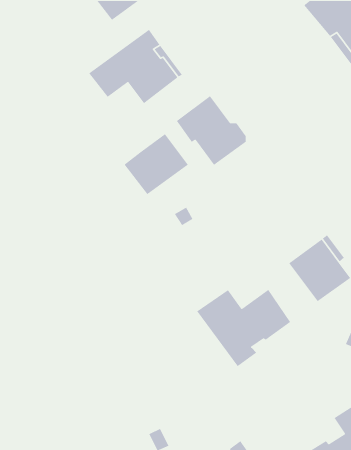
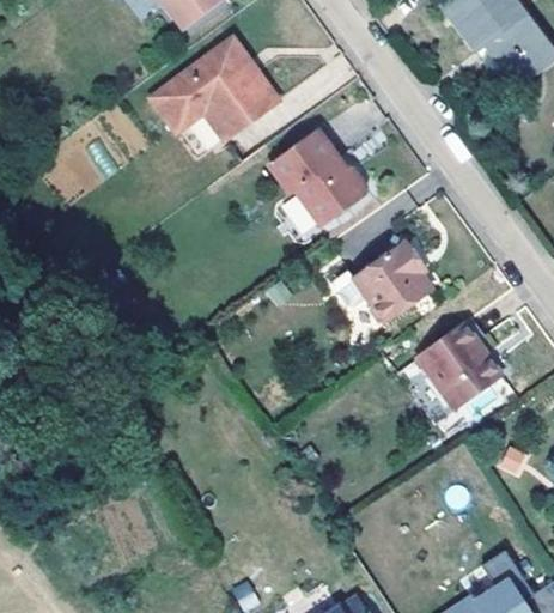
building: [123,133,189,195] -> none
building: none -> [333,242,431,322]
building: [196,289,291,367] -> none

